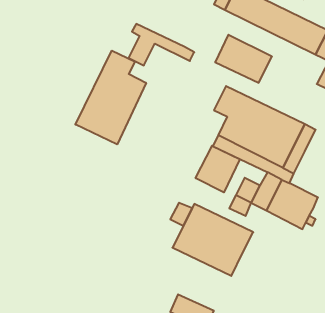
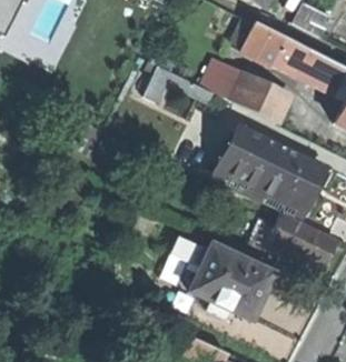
building: none -> [200,59,245,101]
building: [75,51,146,144] -> none
building: [196,146,240,192] -> none

